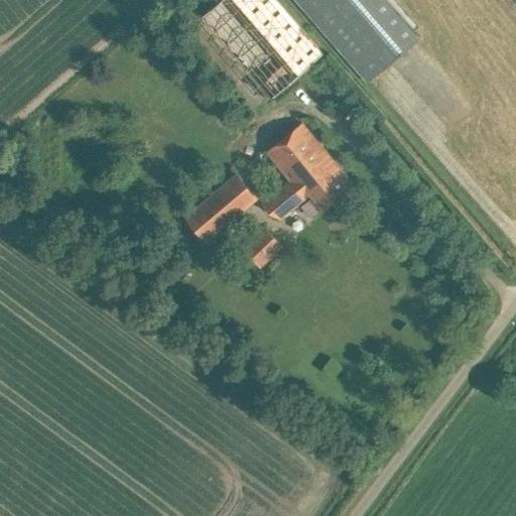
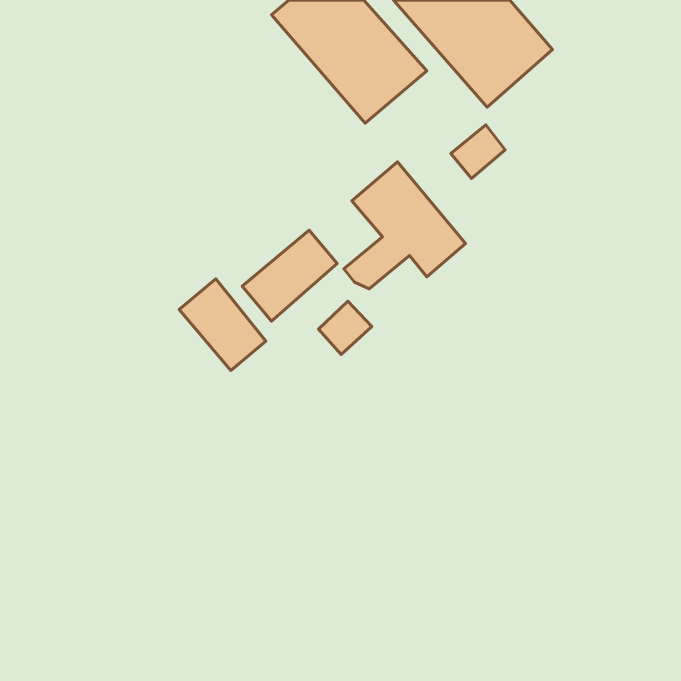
building: none -> [451,125,505,178]
building: none -> [179,279,266,371]

